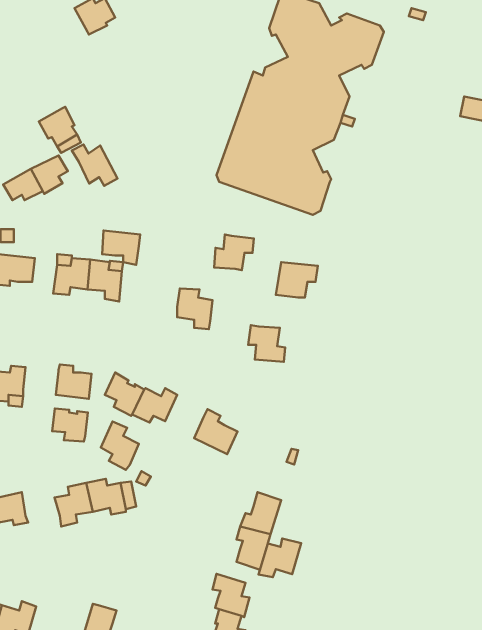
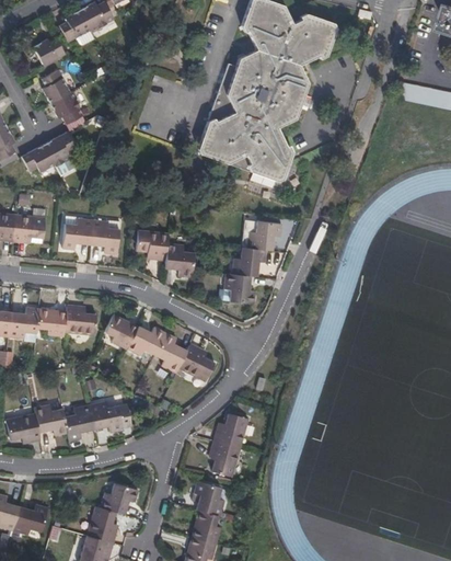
building: none -> [59,10,91,42]
building: none -> [34,38,66,66]
building: none -> [42,70,70,104]
building: [72,145,118,186] -> none
building: [102,230,140,265] -> [137,230,169,259]
building: [214,235,254,270] -> [233,248,266,277]
building: [52,409,88,442] -> [37,309,67,336]
building: [101,421,139,470] -> [155,332,187,373]
building: none -> [35,404,68,436]
building: [259,539,301,577] -> none
building: none -> [100,482,137,514]

